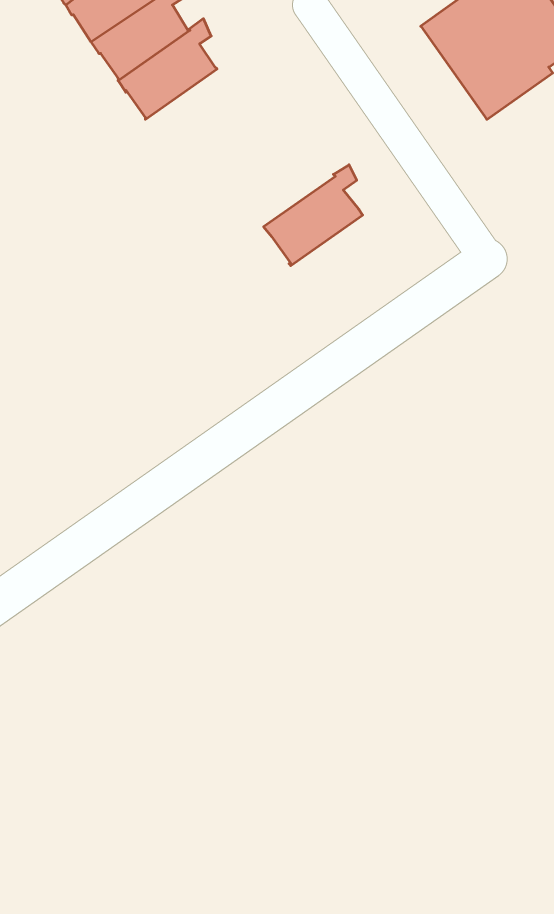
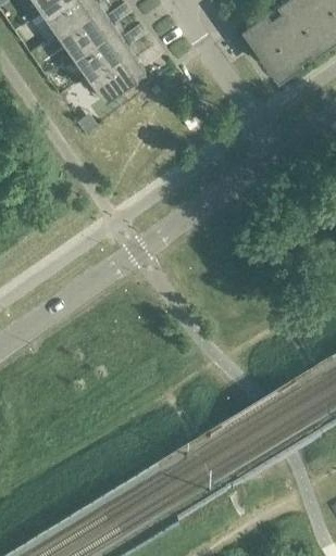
building: [264,165,363,266] -> [86,47,141,103]

